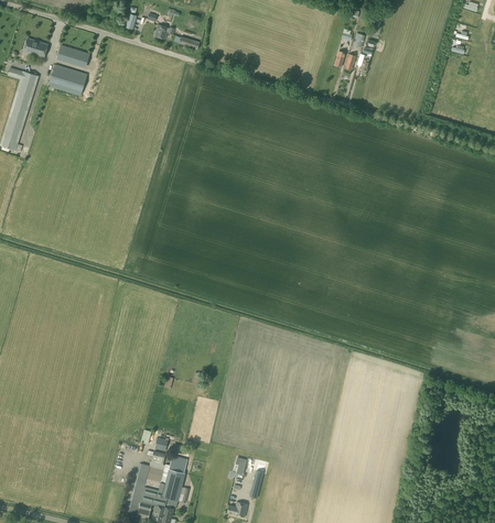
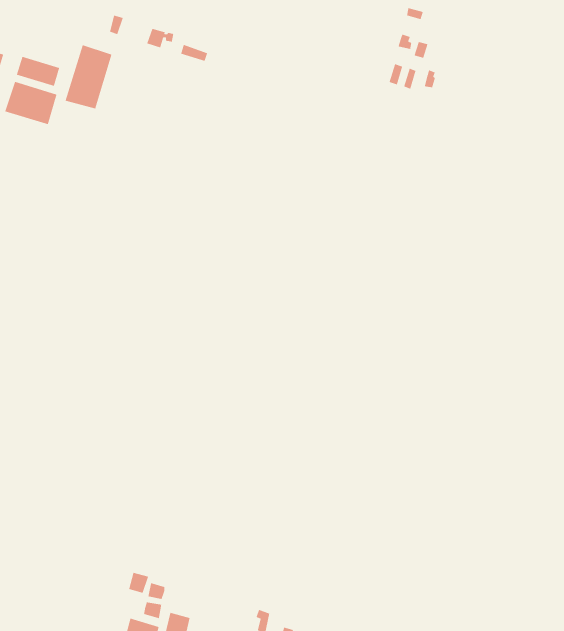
building: none -> [65,44,113,110]

